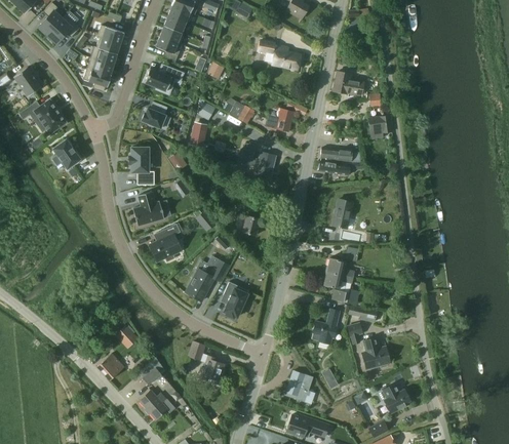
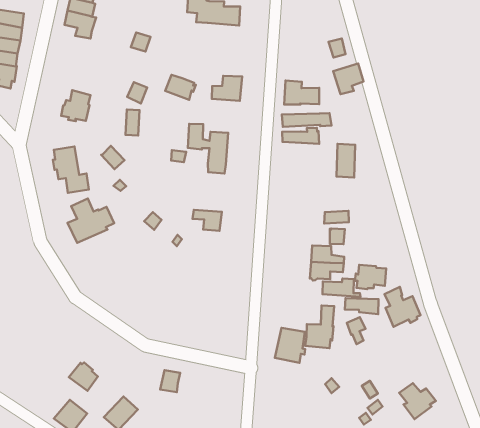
building: [144,67,183,92] -> none
building: [332,71,363,94] -> [284,81,319,105]
building: [332,198,352,228] -> [336,144,355,178]
building: [149,224,182,260] -> none
building: [185,255,229,300] -> none
building: none -> [355,265,386,289]
building: [223,281,248,317] -> none
building: [362,336,390,368] -> [385,287,420,327]
building: [198,355,224,379] -> none
building: [284,370,312,401] -> [275,328,305,363]

